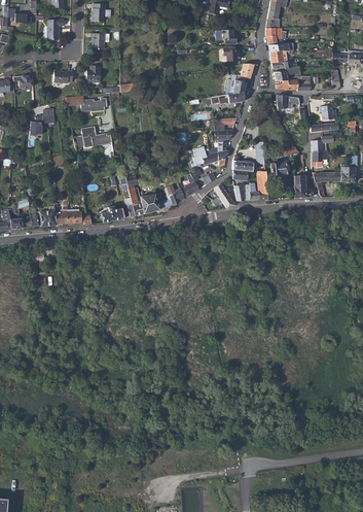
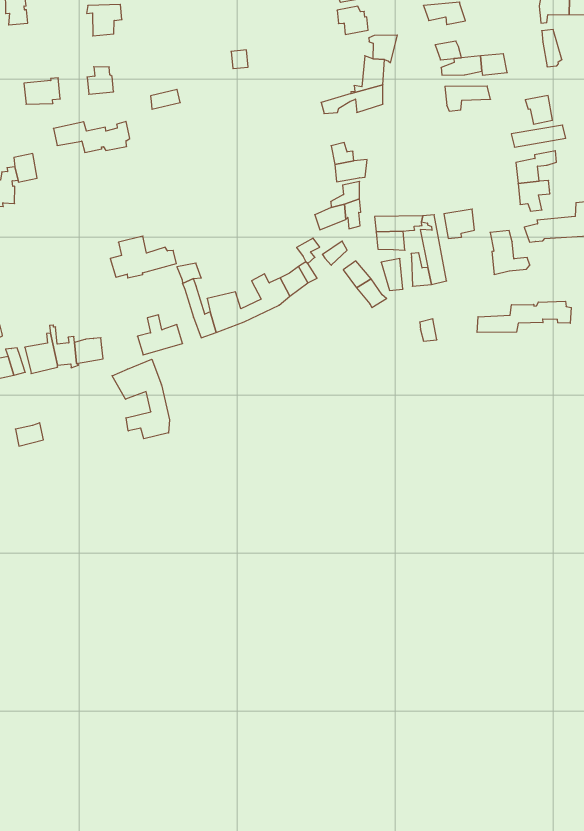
building: [77,126,112,147] -> [110,236,176,278]
building: none -> [477,301,571,332]
building: none -> [112,359,170,439]

